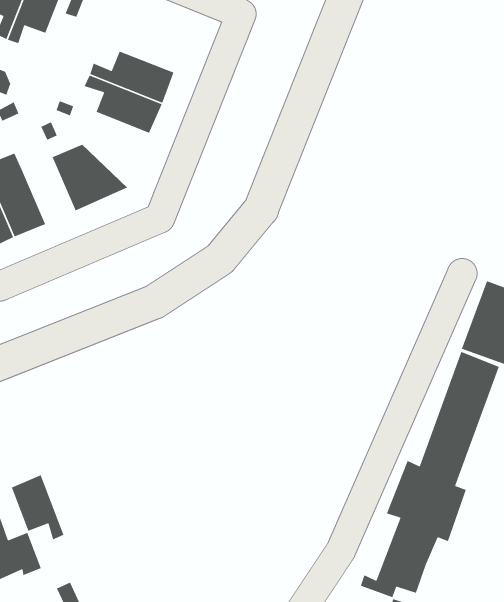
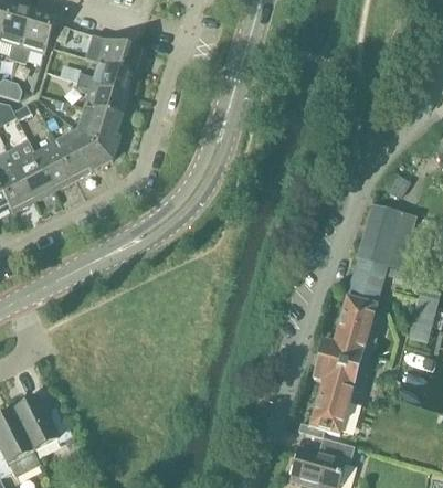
building: none -> [84,35,144,74]
building: none -> [75,107,123,159]
building: none -> [34,141,74,190]
building: [11,474,65,540] -> none

